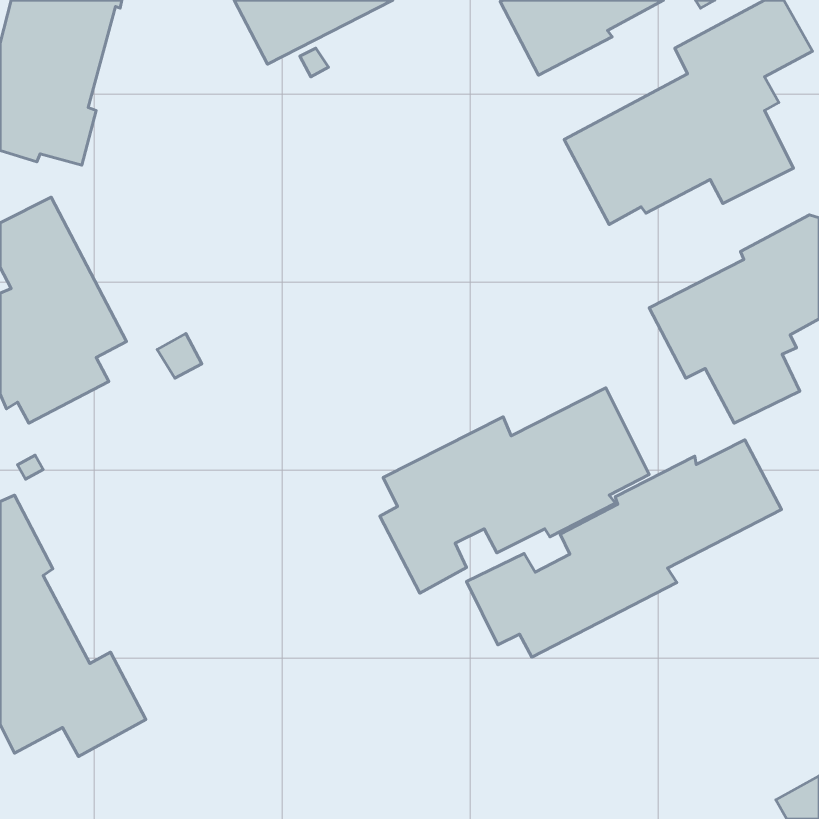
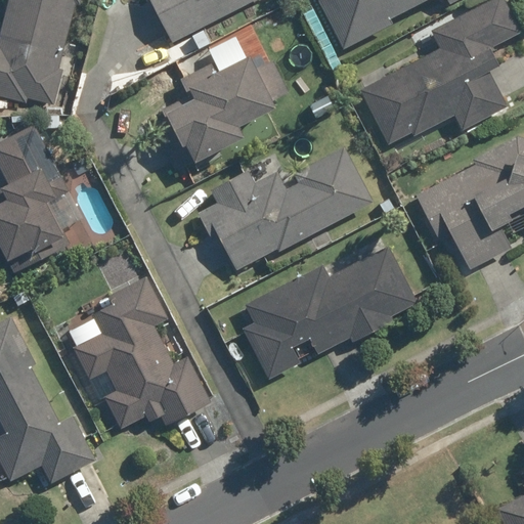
building: none -> [155,57,287,170]
building: none -> [196,148,373,269]
building: none -> [73,277,210,429]
building: [467,440,782,657] -> none

